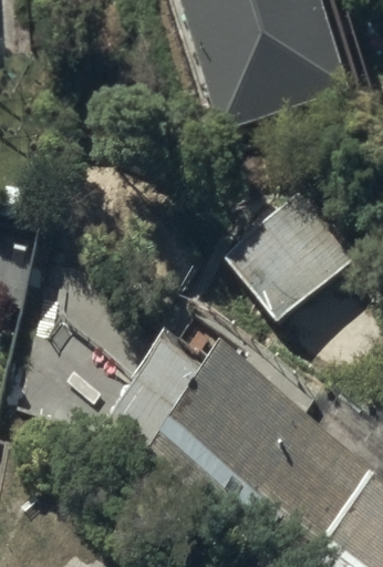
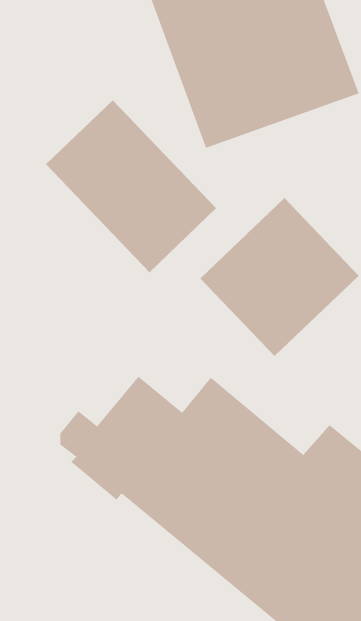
building: none -> [45,99,217,273]

